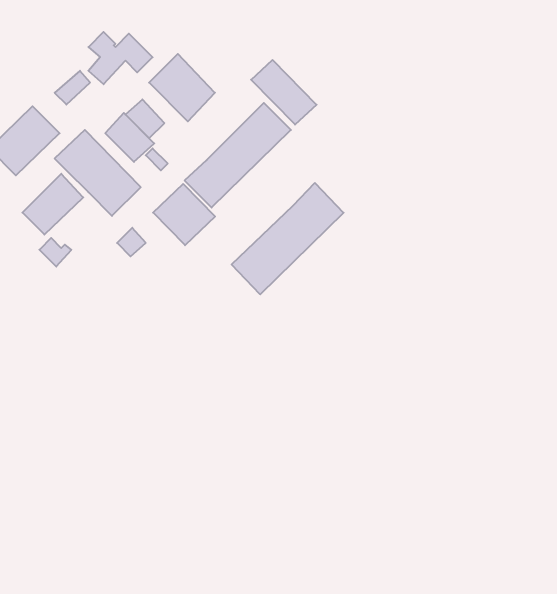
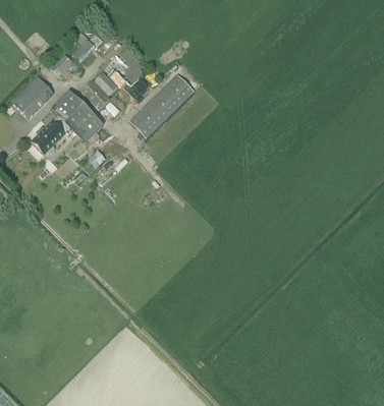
building: [251,60,317,125] -> none
building: [232,183,344,294] -> none
building: [153,184,215,245] -> none

